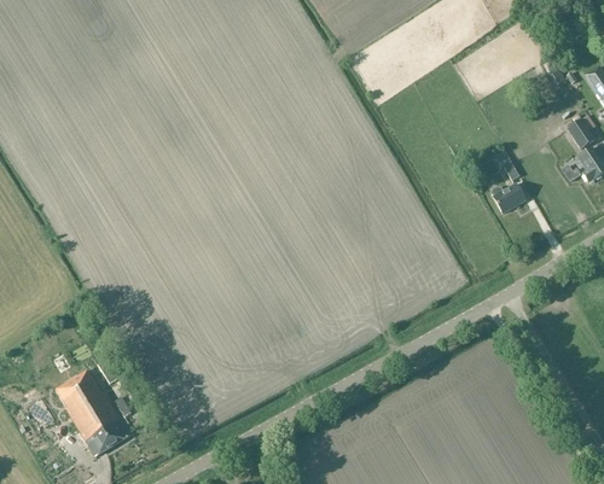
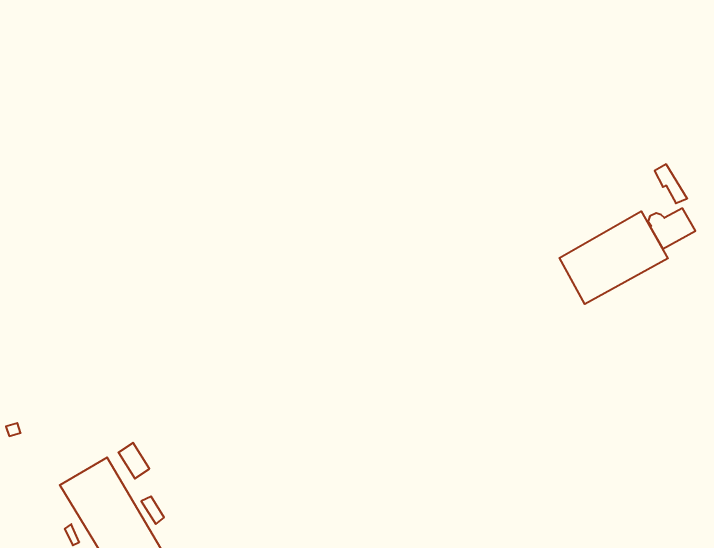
building: none -> [559,211,668,304]

